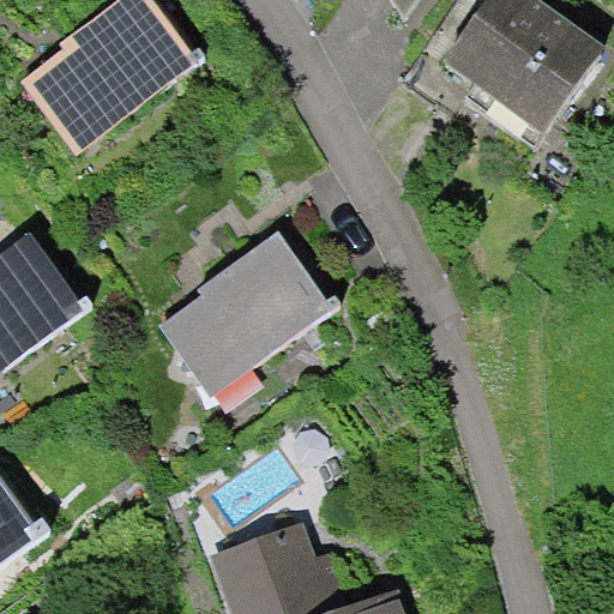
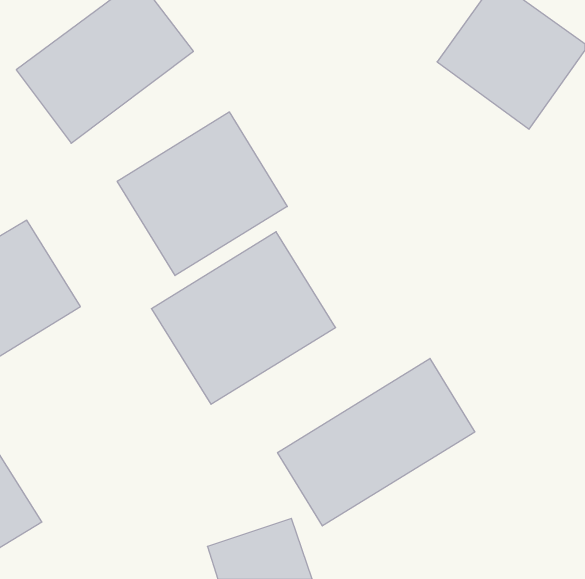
building: none -> [117,112,287,276]
building: none -> [278,358,475,526]

